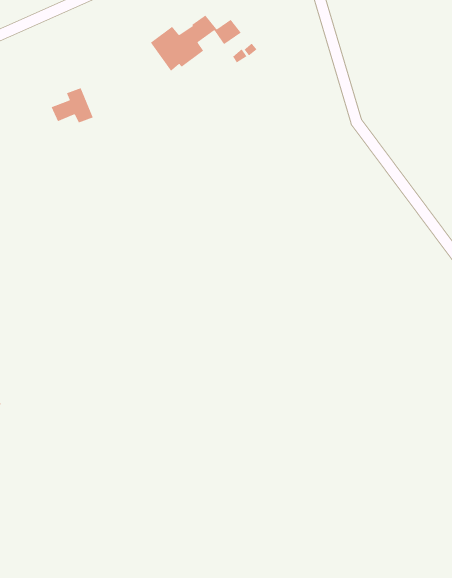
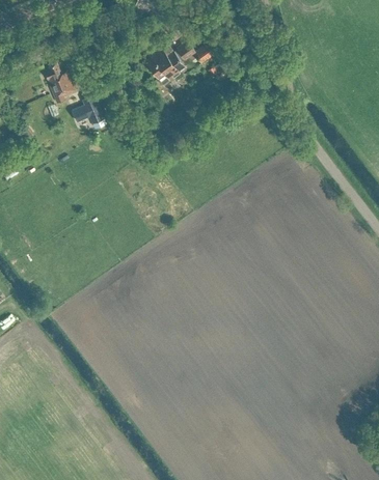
building: none -> [44,63,76,102]

